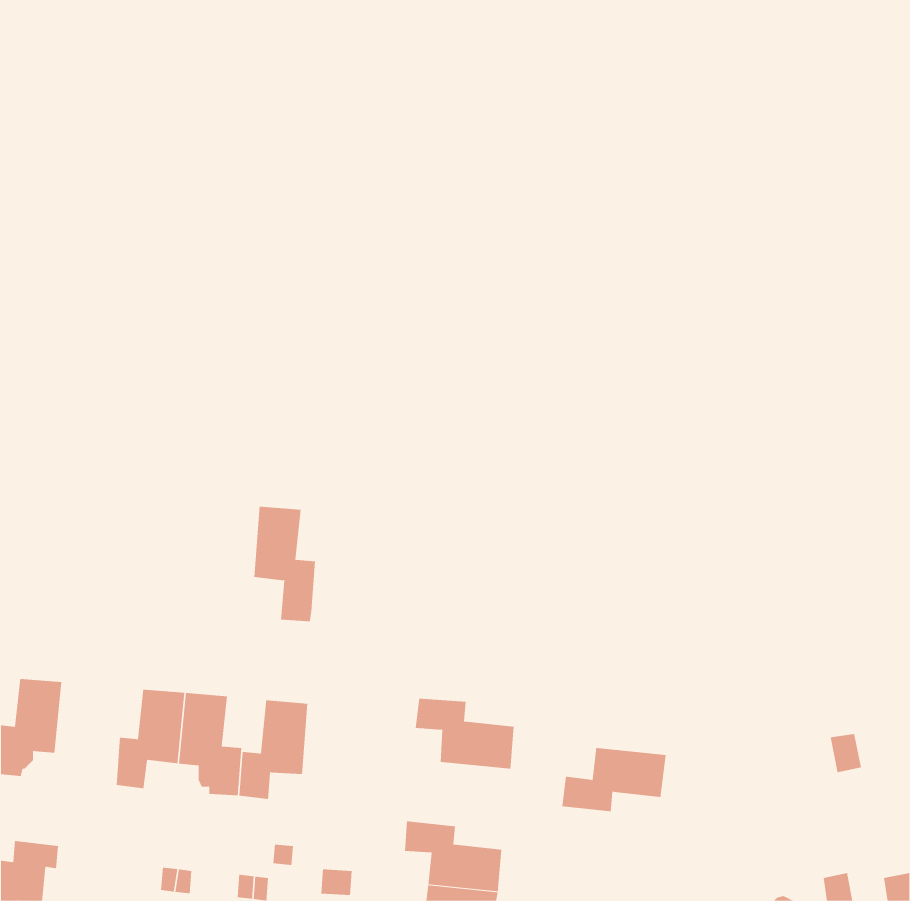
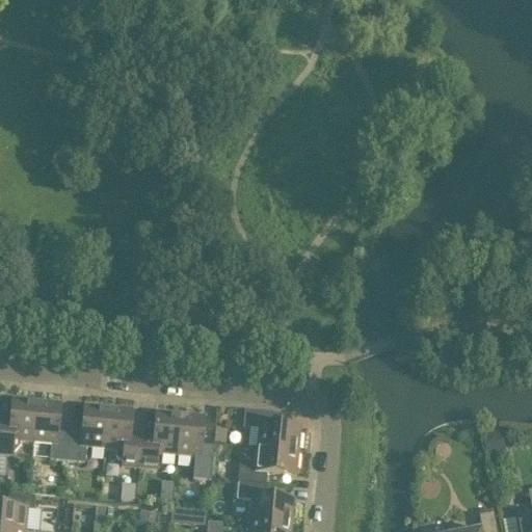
building: [253,506,316,622] -> [177,410,213,478]
building: none -> [32,398,70,458]
building: [562,748,667,812] -> [237,445,298,482]

